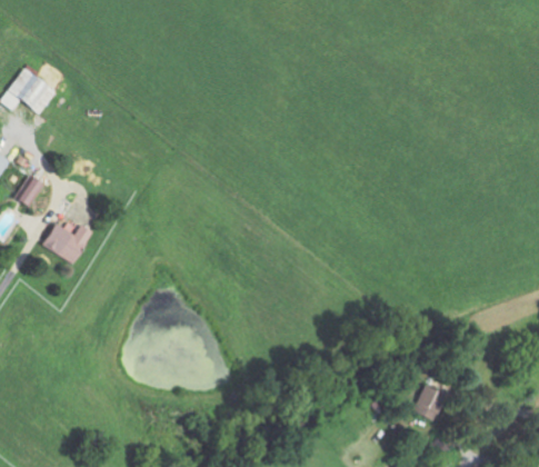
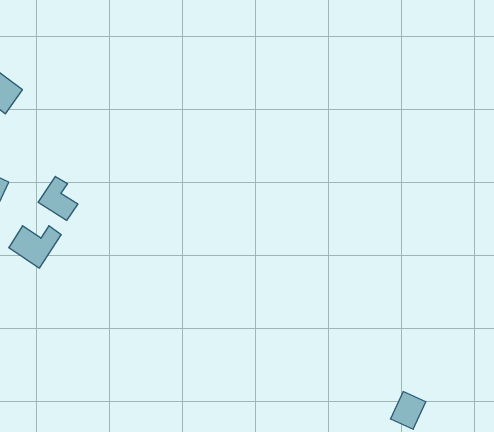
building: none -> [38,176,78,220]

